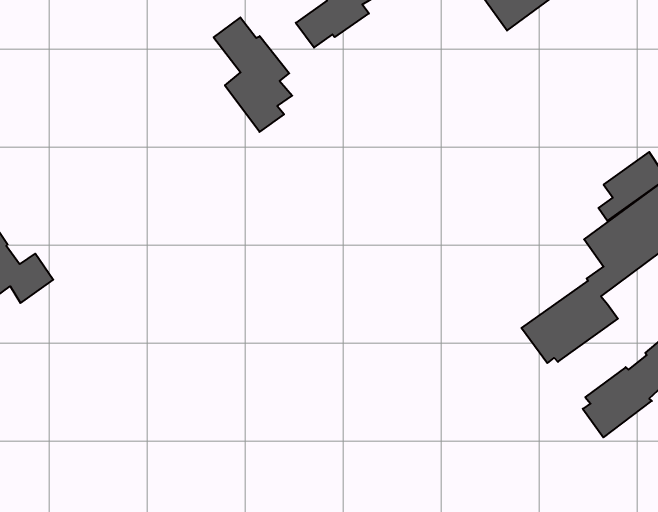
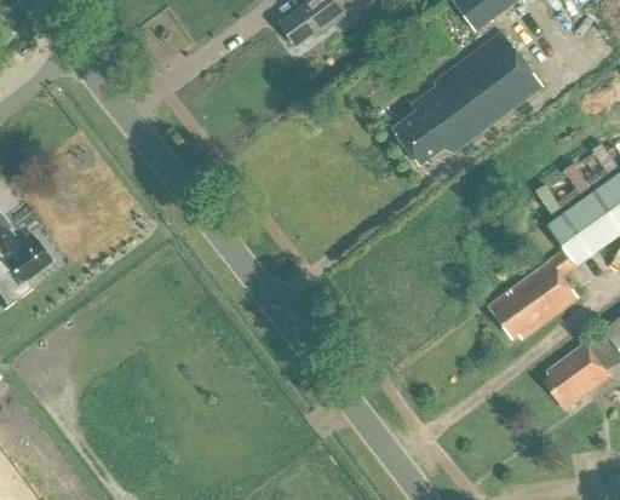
building: [214,17,292,132] -> none
building: none -> [390,31,542,166]

